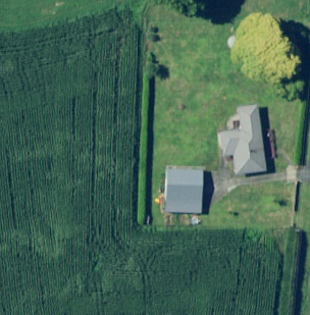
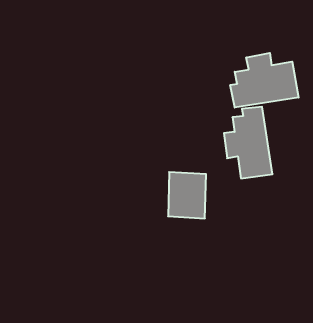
building: none -> [230,53,299,108]

